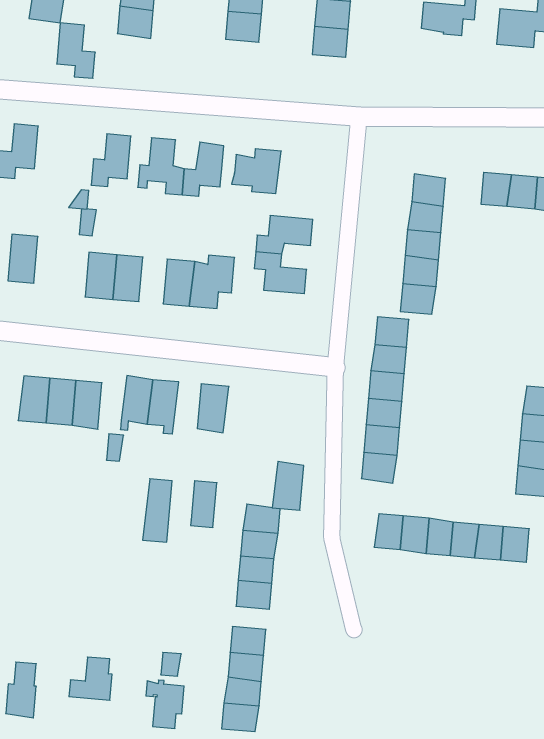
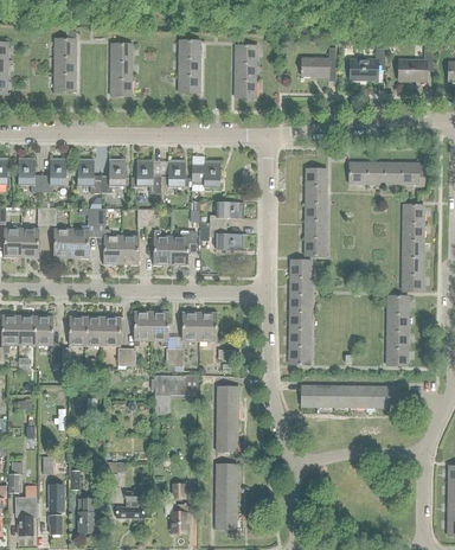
building: [57,23,95,78] -> [78,159,102,192]
building: none -> [71,228,89,257]
building: [272,461,304,510] -> [199,312,217,341]

